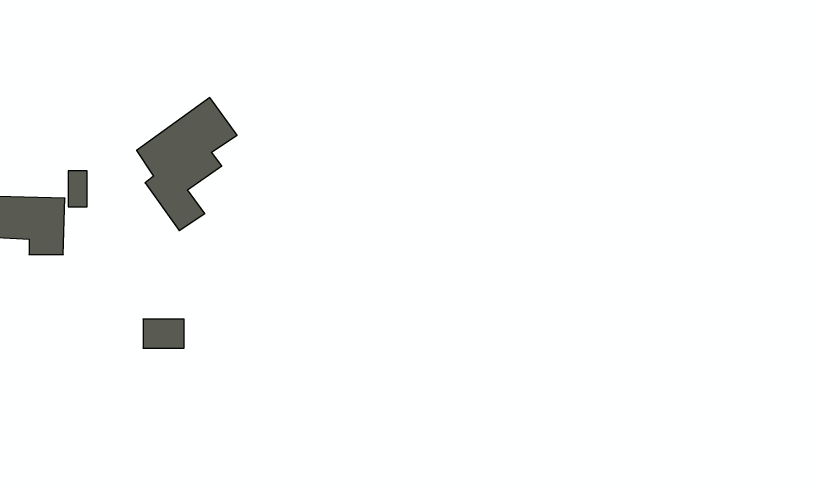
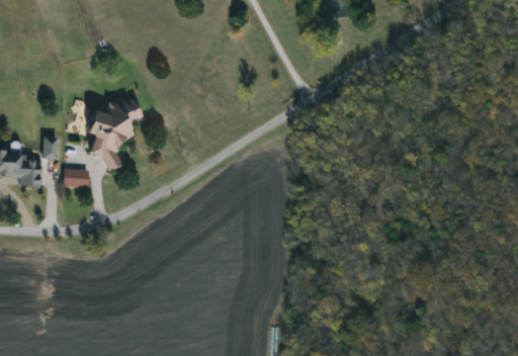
building: [143,319,184,348] -> [63,169,87,186]

